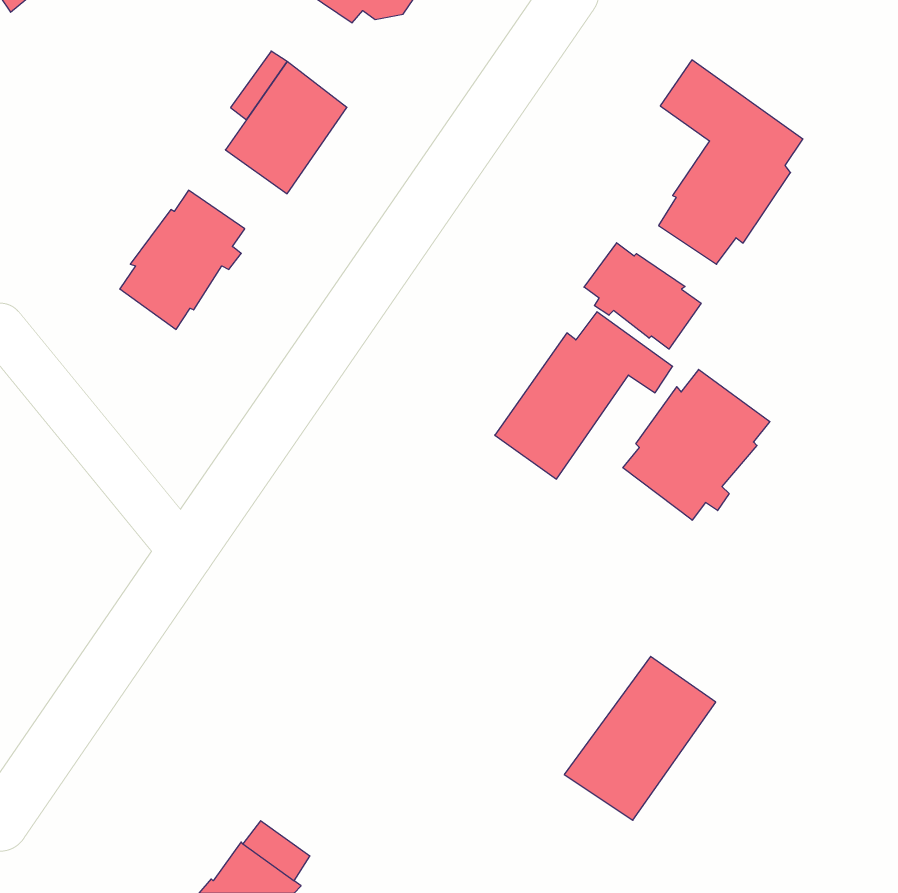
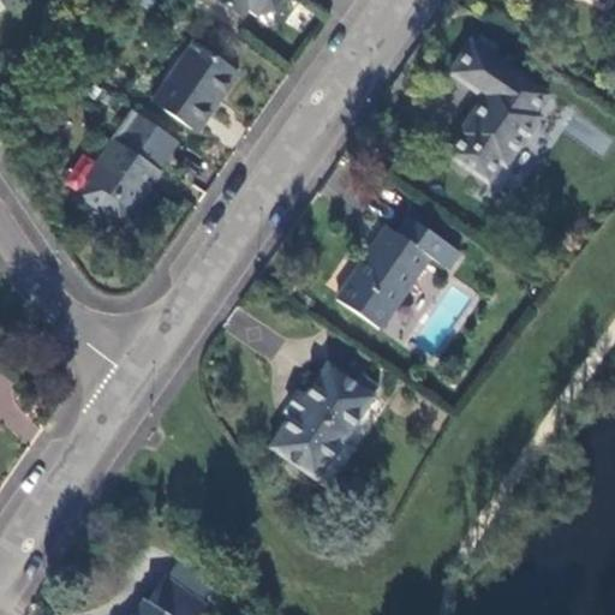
building: [584,243,701,349] -> none
building: [623,369,770,520] -> none
building: [564,656,716,820] -> [270,364,374,476]

